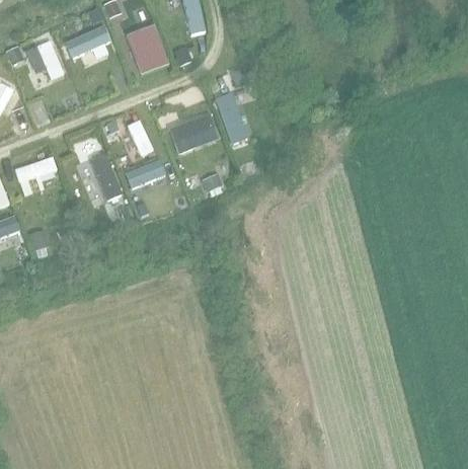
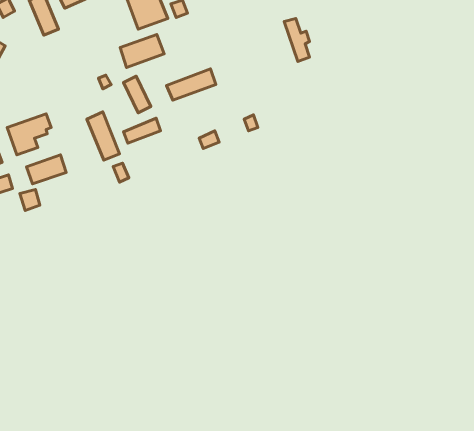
building: none -> [120,34,164,68]
building: [218,100,242,142] -> [284,19,309,61]
building: none -> [27,155,66,184]

